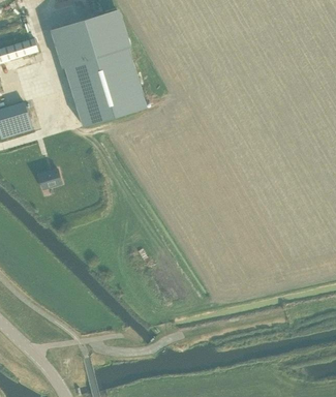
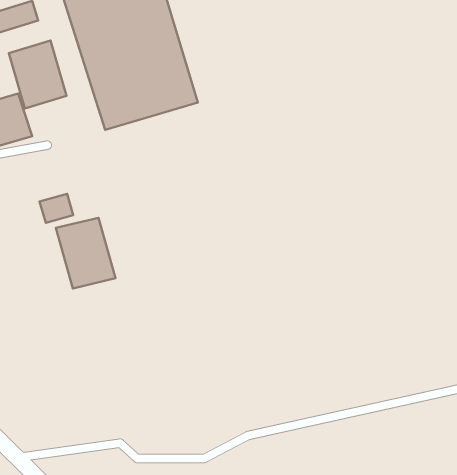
building: none -> [9,41,66,109]
building: none -> [56,218,115,288]

